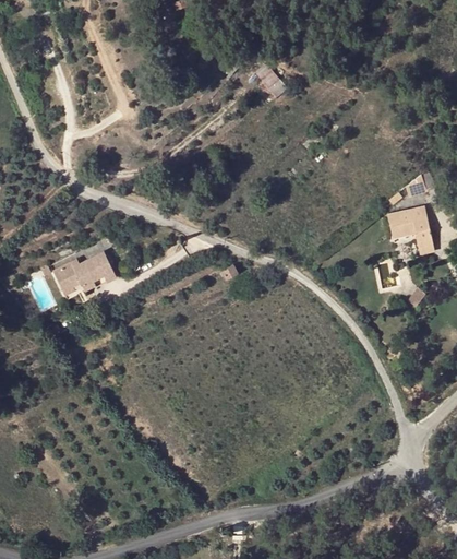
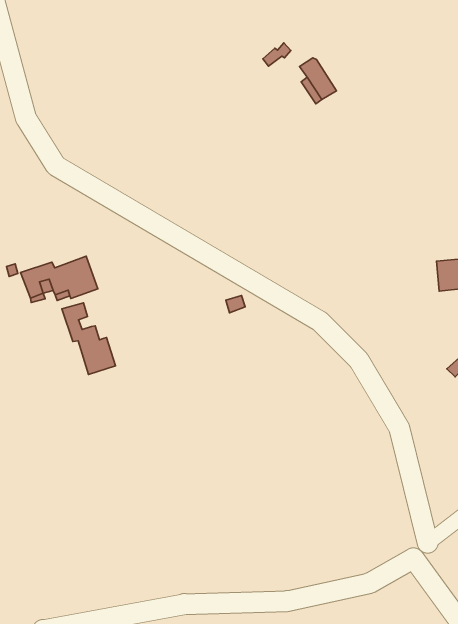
building: none -> [62,303,115,374]

